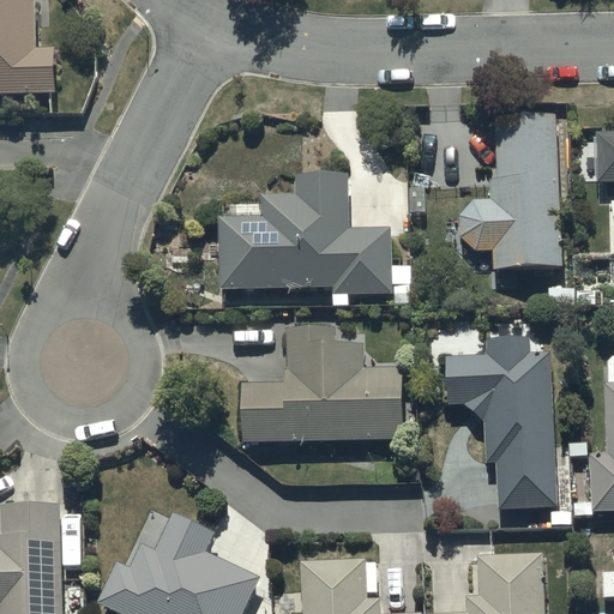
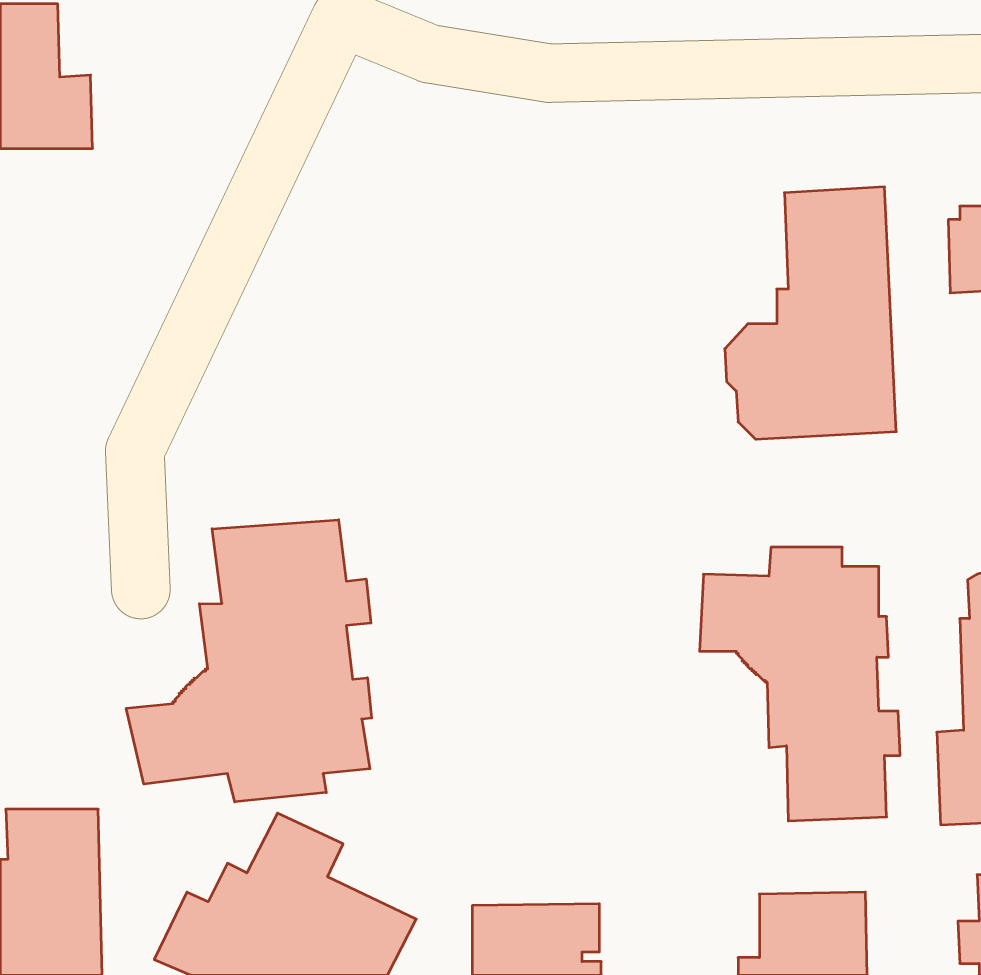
building: [223,176,389,297] -> none
building: none -> [126,520,372,802]
building: [246,327,408,440] -> none

